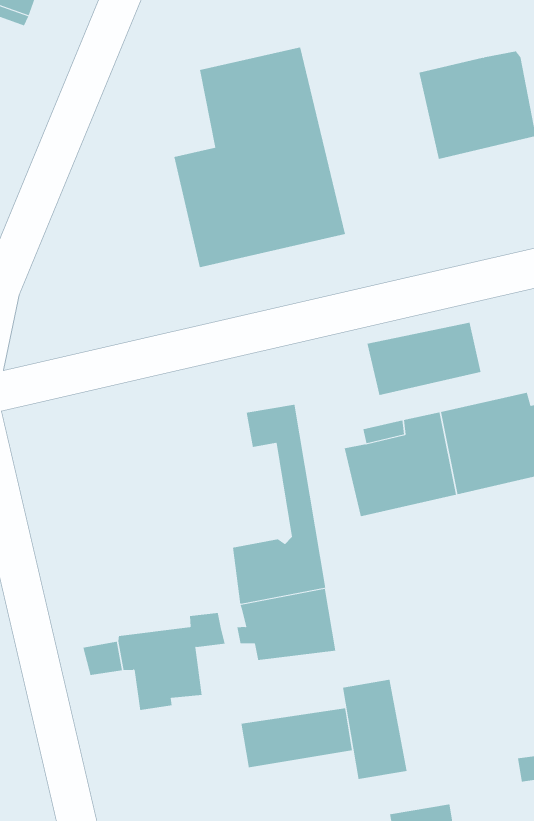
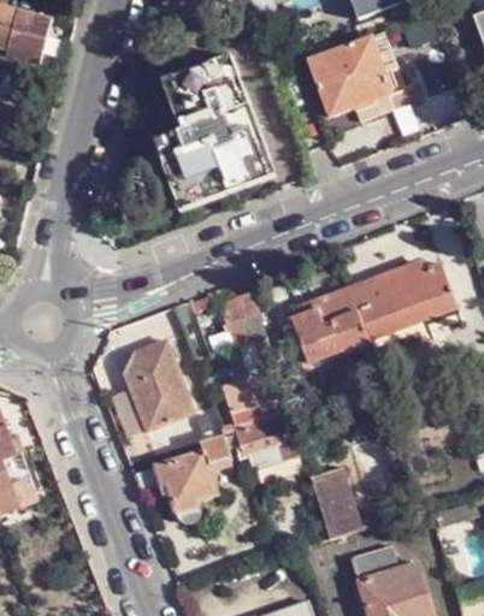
building: [367,322,481,396] -> none
building: none -> [125,339,195,431]
building: [241,707,352,768] -> none

